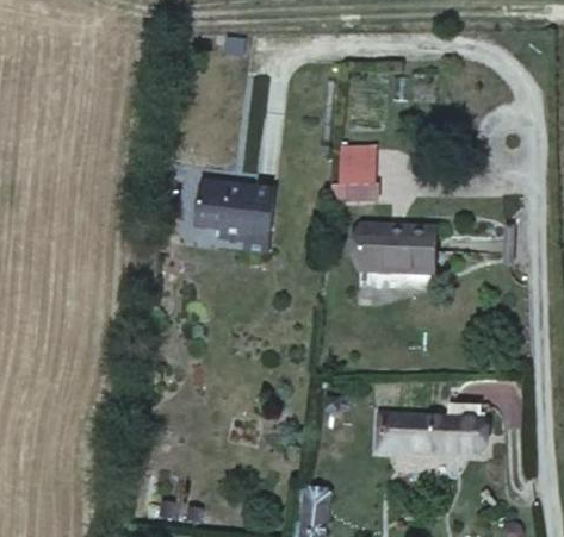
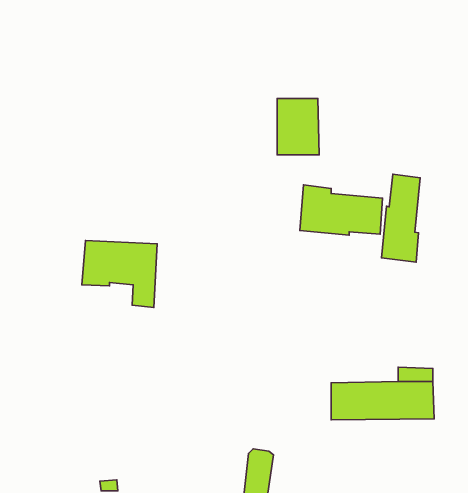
building: [197,188,272,255] -> [82,240,157,308]
building: none -> [381,174,420,262]

